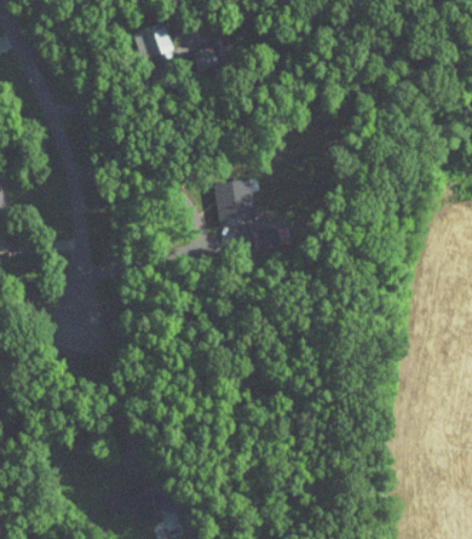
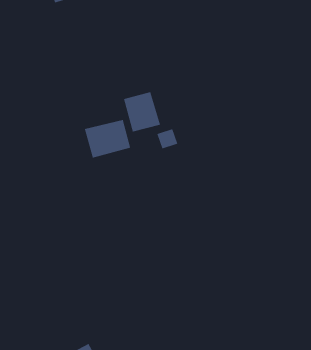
building: none -> [84,119,131,158]

